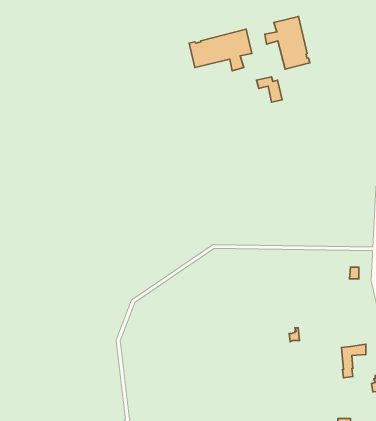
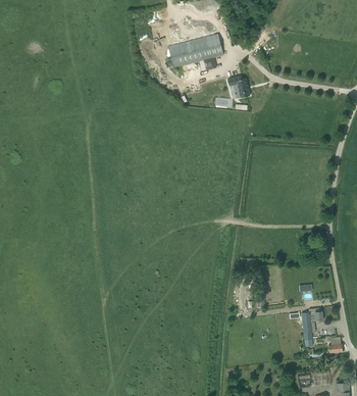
building: [265,16,310,69] -> none

